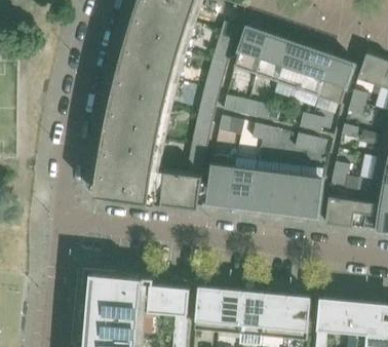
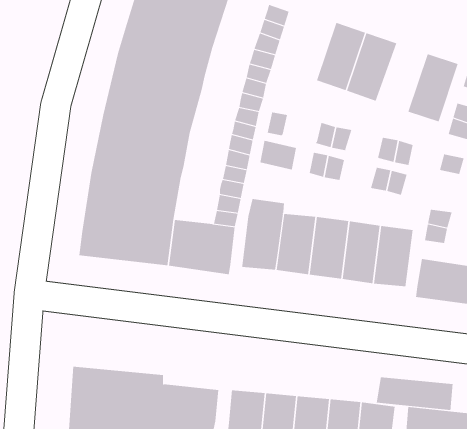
building: [232,26,269,74] -> none
building: [297,48,332,95] -> none
building: none -> [376,376,453,411]

